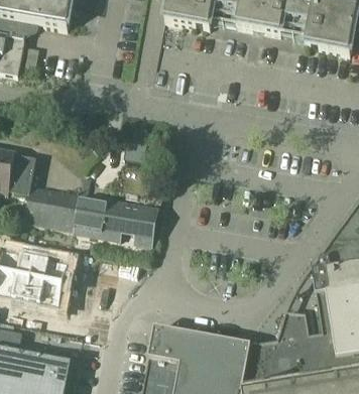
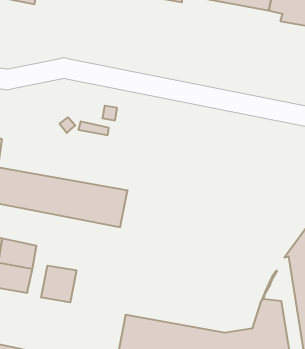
building: none -> [41,266,76,302]

